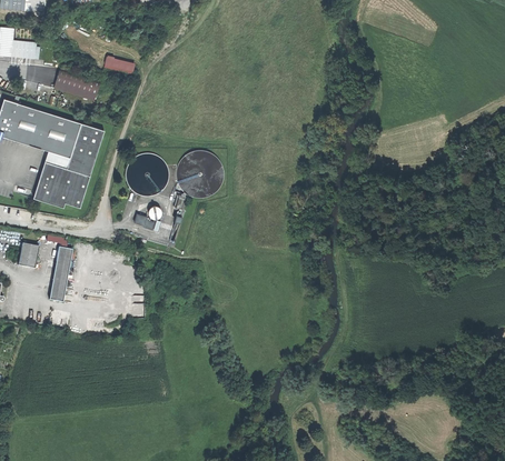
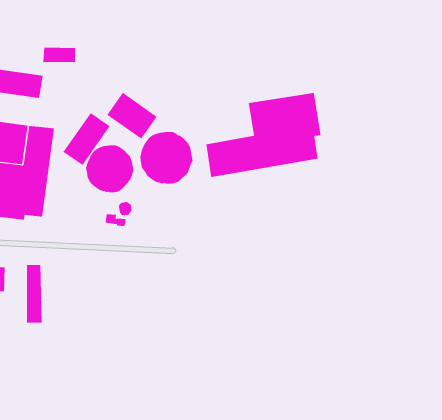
building: none -> [107,92,157,140]
building: none -> [63,112,111,166]
building: none -> [206,92,321,178]

